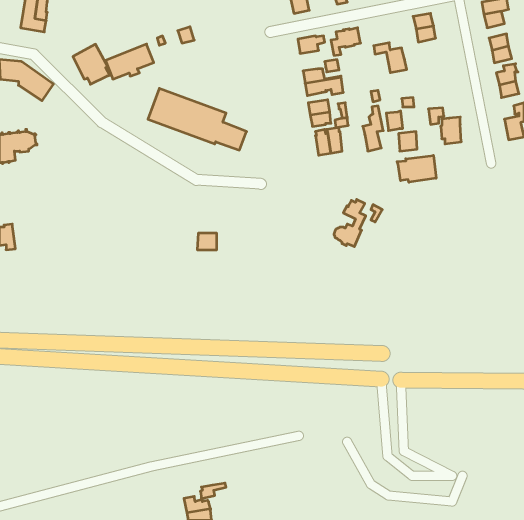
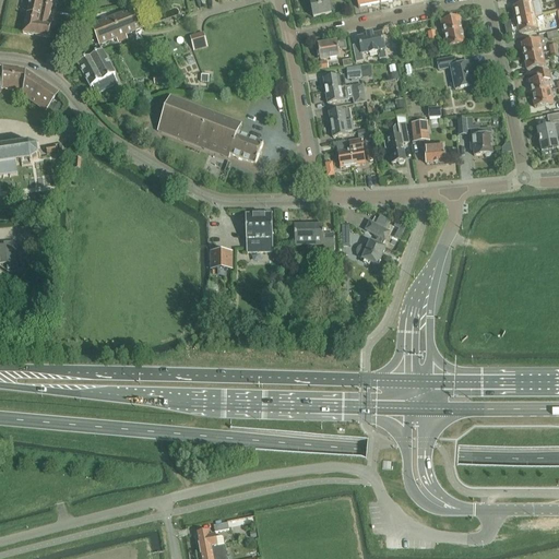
building: [374,43,407,73] -> [437,55,472,86]
building: [105,44,154,79] -> [92,4,143,41]
building: [397,155,436,182] -> none
building: none -> [245,212,272,250]
building: none -> [294,223,332,247]

